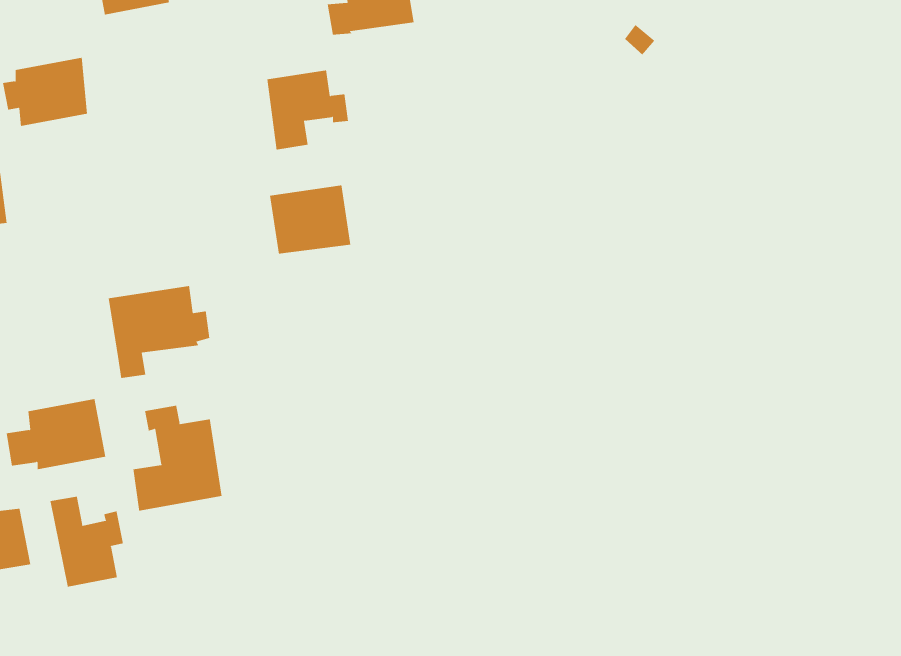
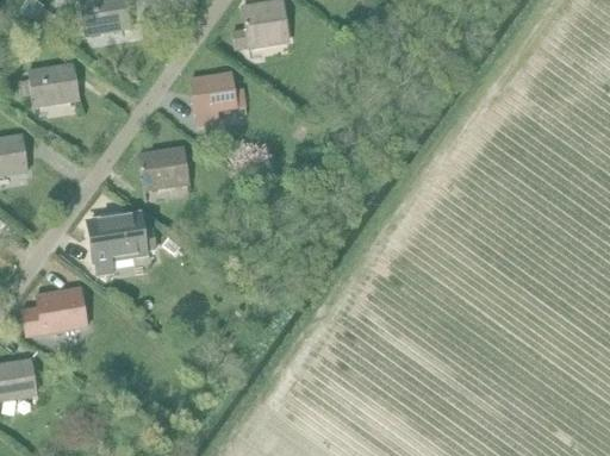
building: [269,185,351,254] -> [137,146,191,192]
building: [133,405,222,512] -> none
building: [50,496,123,587] -> none

